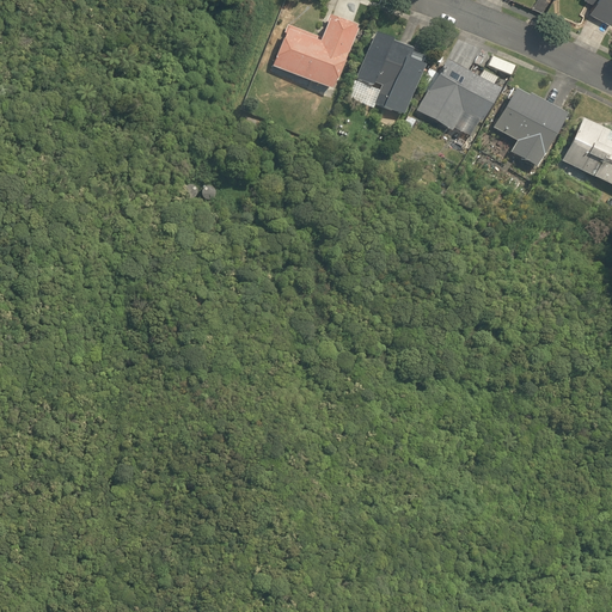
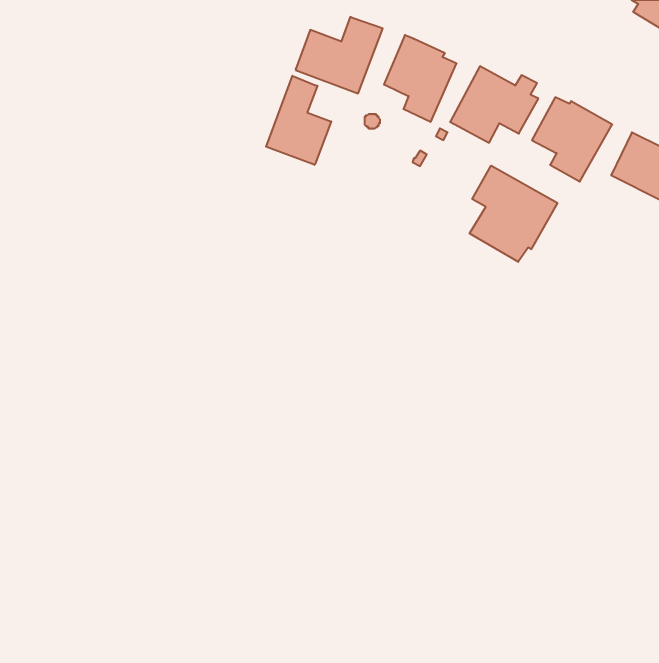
building: none -> [266,76,331,165]
building: none -> [470,166,557,262]

